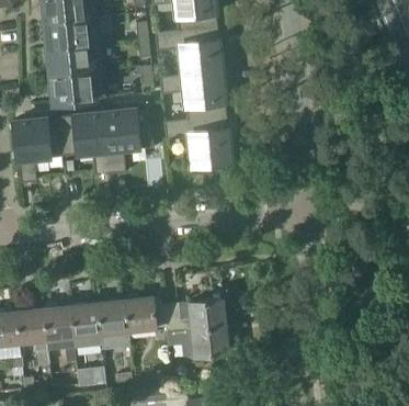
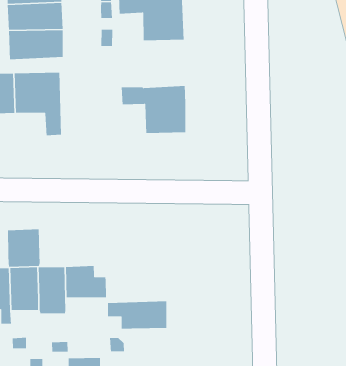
building: [159,70,226,120] -> none
building: [103,105,152,172] -> none
building: none -> [7,228,40,268]
building: [163,298,225,331] -> none

